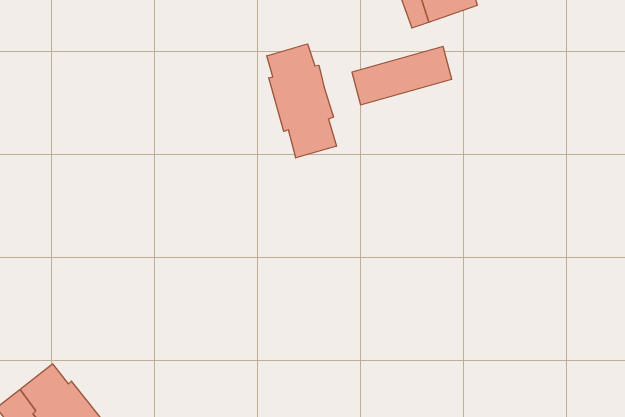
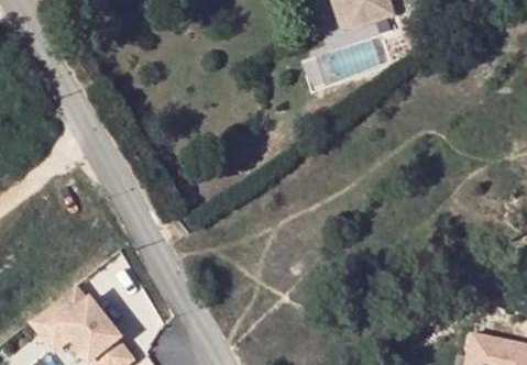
building: [267,44,336,158] -> none

